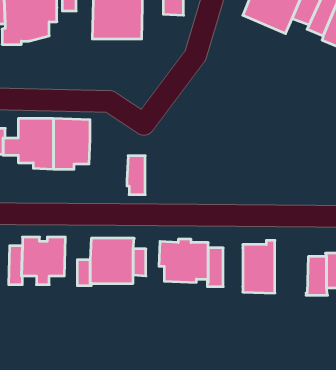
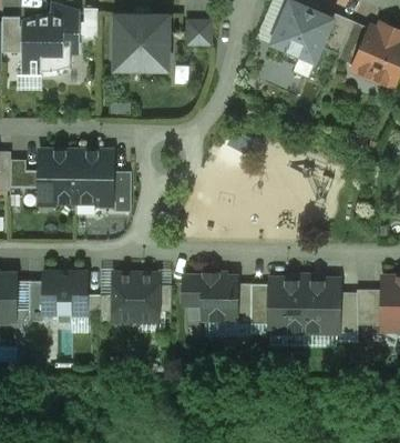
building: [127,156,145,195] -> [112,171,131,211]
building: none -> [304,275,338,330]
building: none -> [250,283,270,323]

